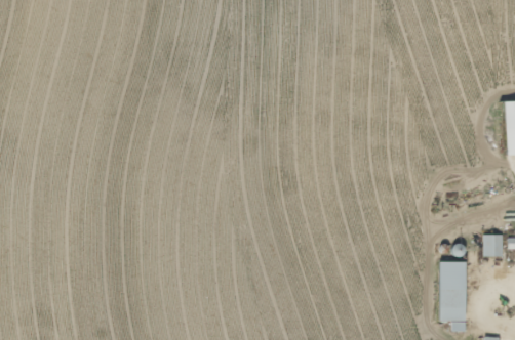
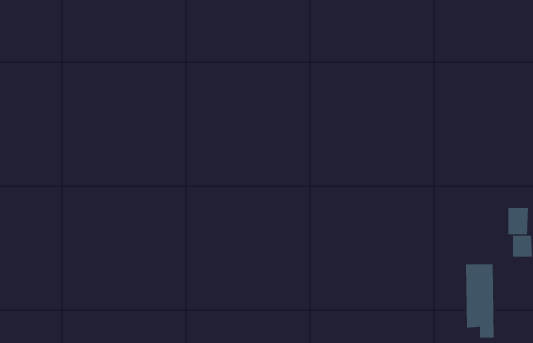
building: none -> [508,207,528,235]

